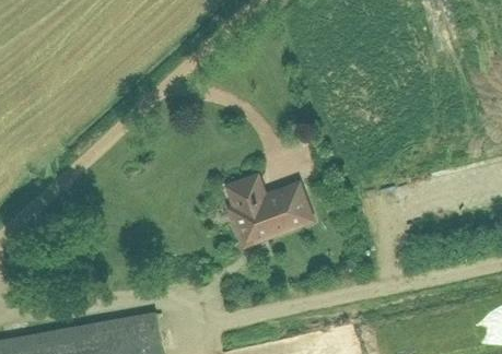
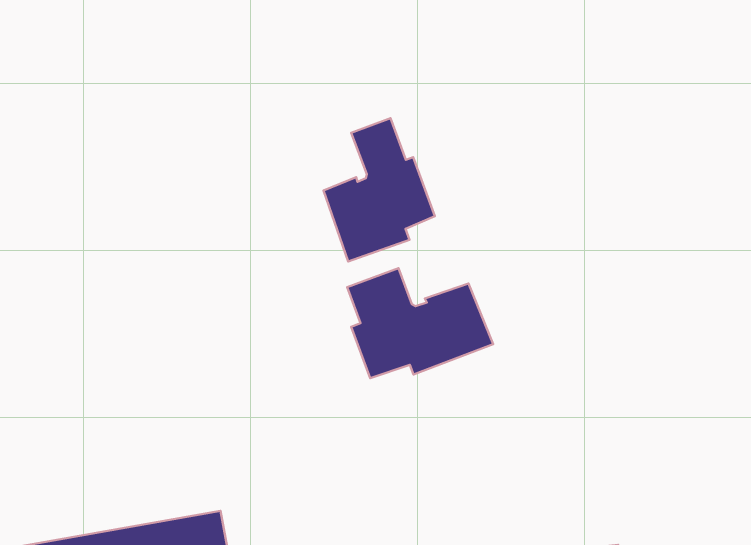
building: none -> [324,118,435,262]

